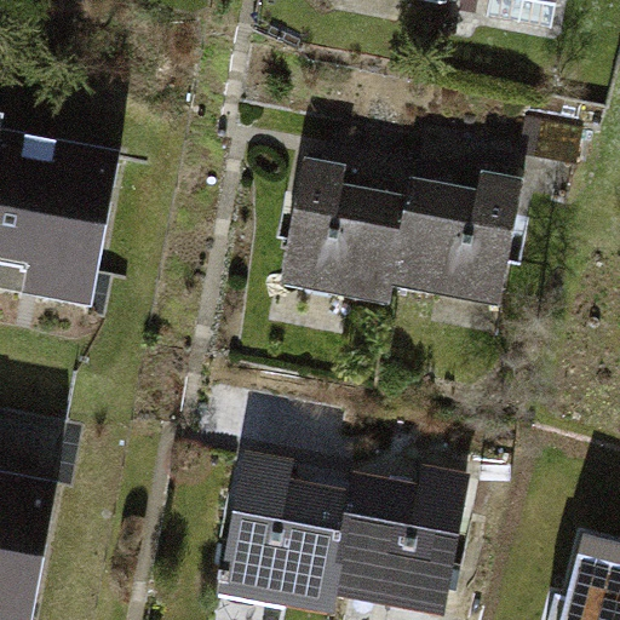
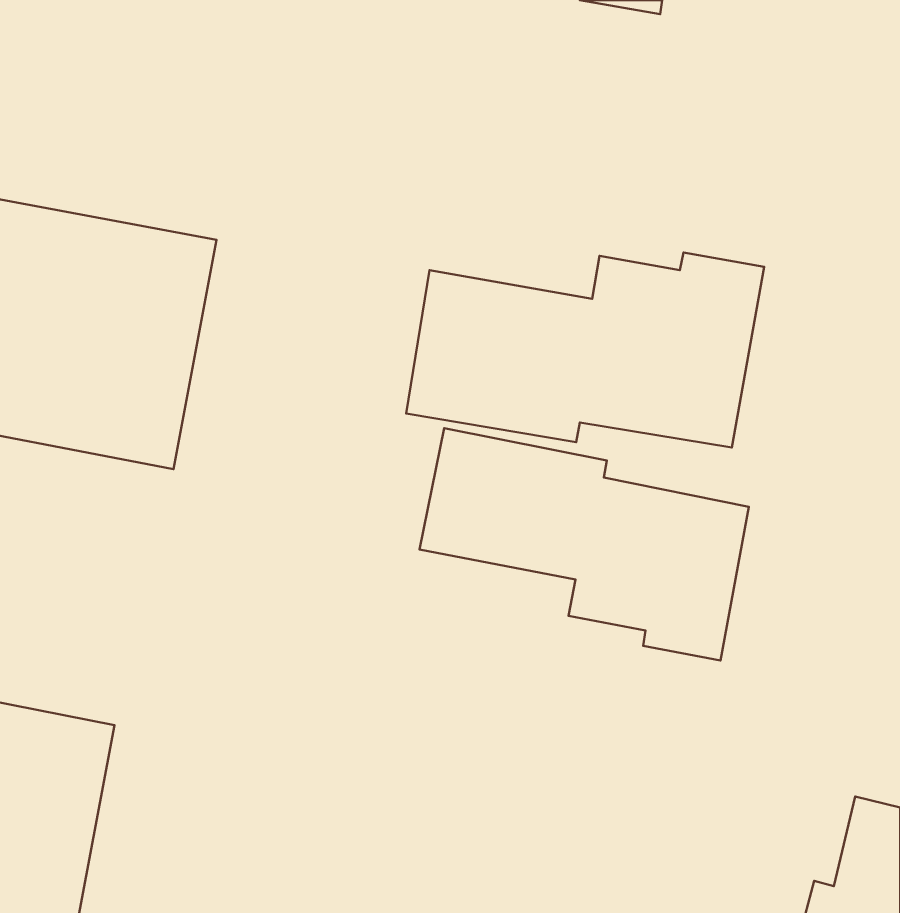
building: none -> [420,428,749,661]
building: [218,473,461,610] -> none

